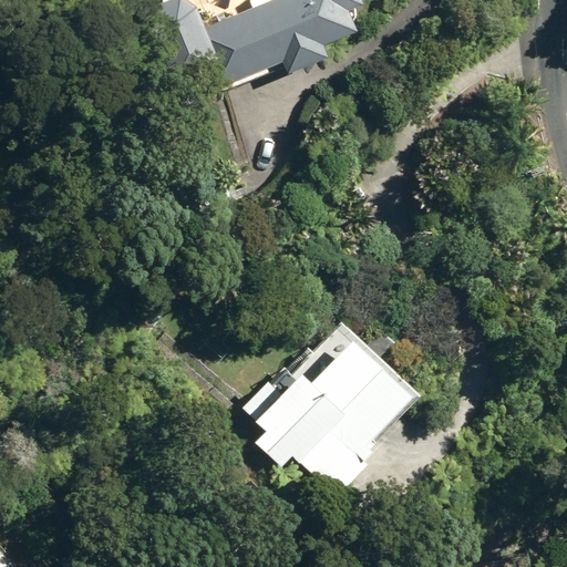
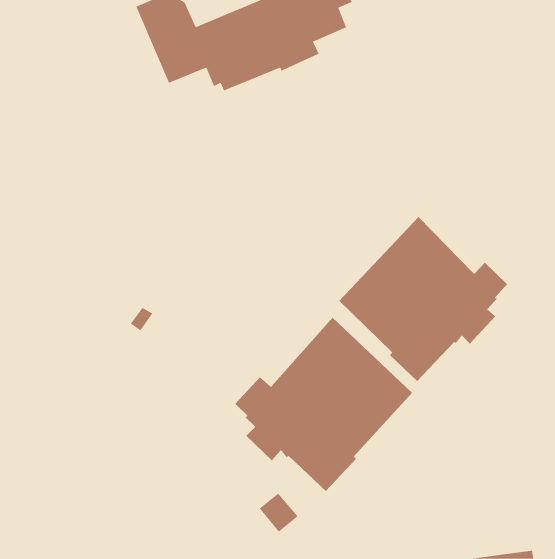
building: none -> [339,216,508,382]

